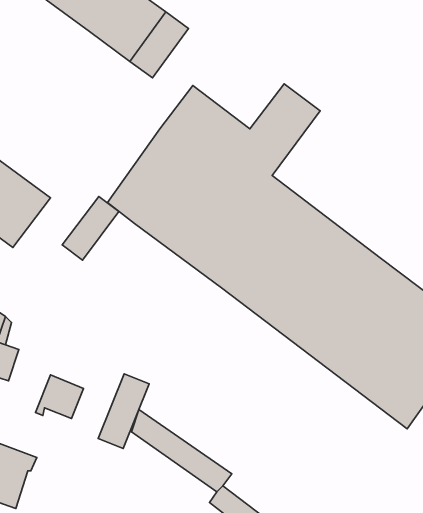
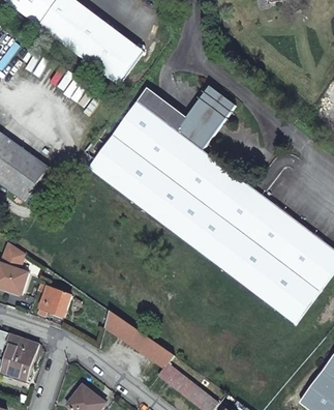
building: [62,196,119,260] -> none
building: [98,374,149,448] -> none

